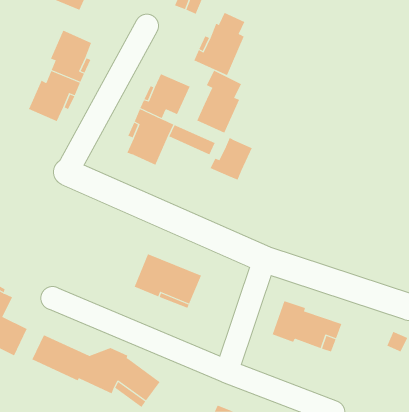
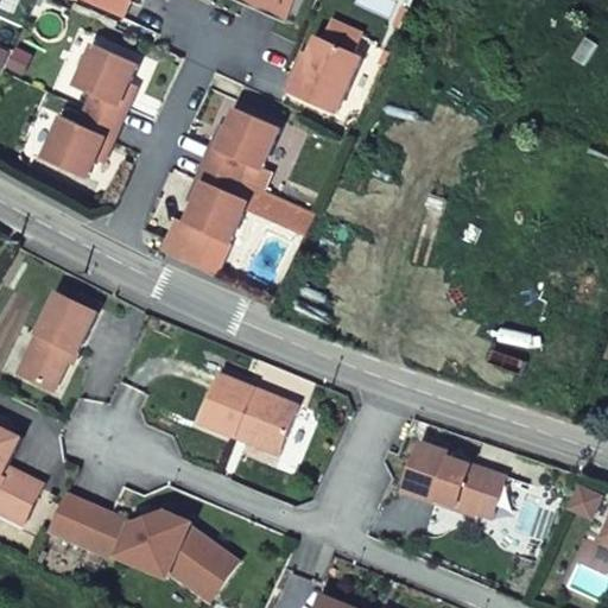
building: [196,70,242,134] -> none
building: [210,137,253,181] -> none
building: none -> [182,228,229,273]
building: none -> [15,292,95,390]

